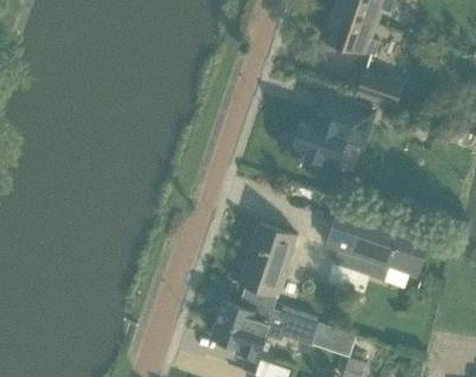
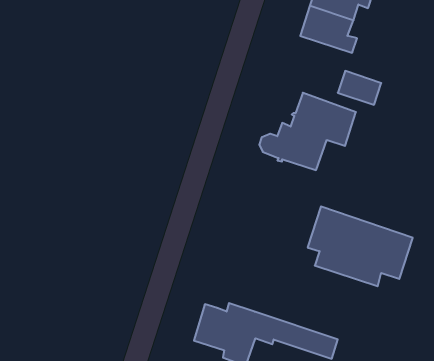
building: [236,224,297,310] -> none

